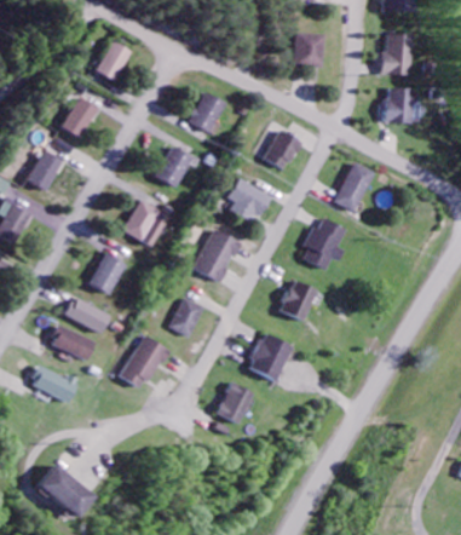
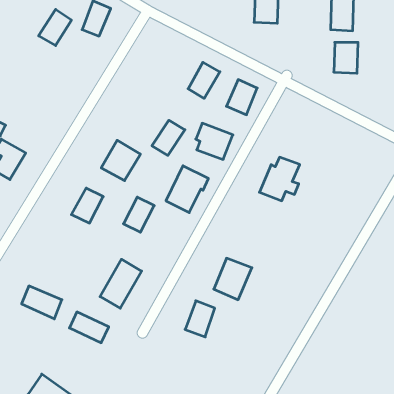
building: [188,91,224,132] -> [188,62,220,98]
building: [63,96,100,137] -> [39,9,71,46]
building: [152,145,190,185] -> [152,120,185,155]
building: [31,150,65,190] -> none
building: [335,161,375,211] -> none
building: [283,280,317,320] -> none
building: [171,297,206,336] -> [123,197,154,232]
building: [68,299,109,332] -> none
building: [50,324,94,359] -> [69,312,109,343]

